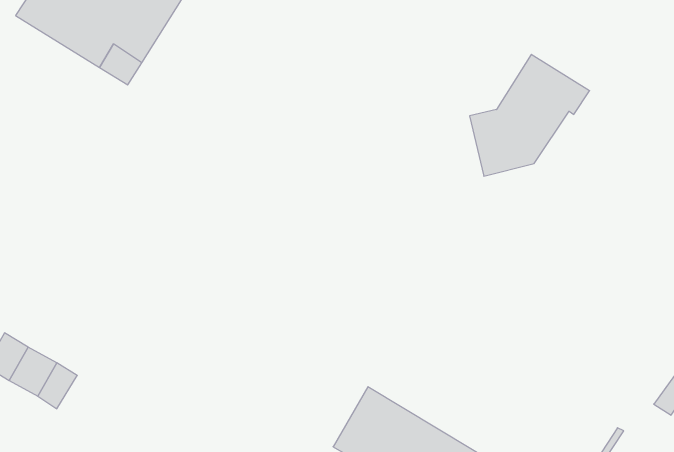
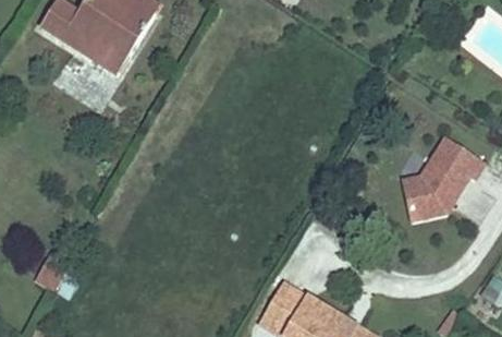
building: [470,54,590,176] -> [401,137,483,221]

